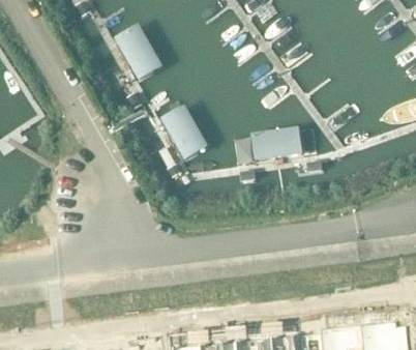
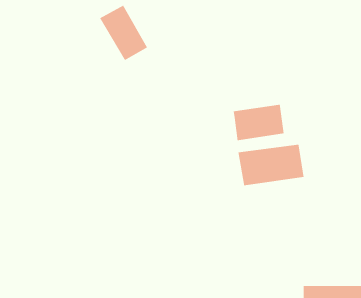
building: [160,105,209,163] -> none
building: none -> [238,144,304,186]

